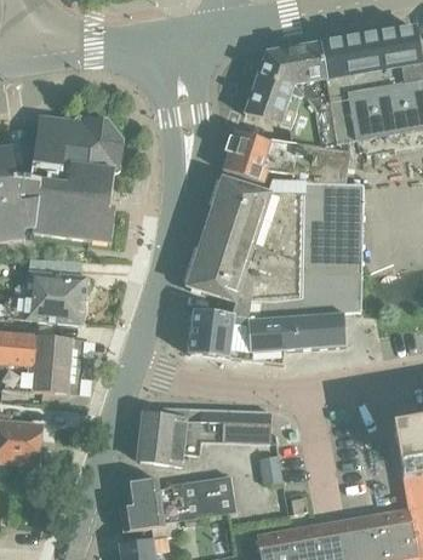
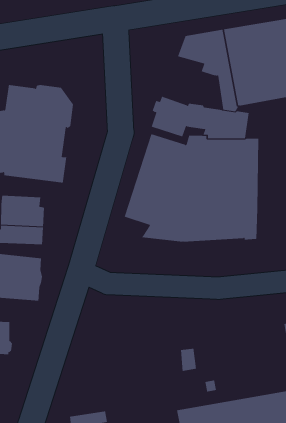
building: [244,78,314,147] -> none
building: [185,308,343,365] -> none
building: [139,408,269,464] -> none
building: [114,475,234,532] -> none

